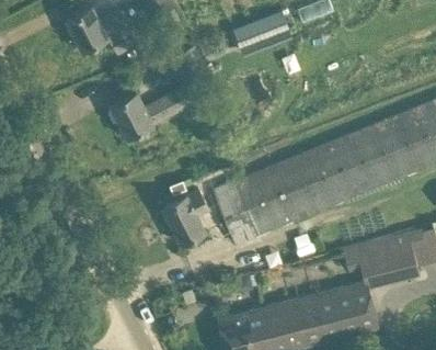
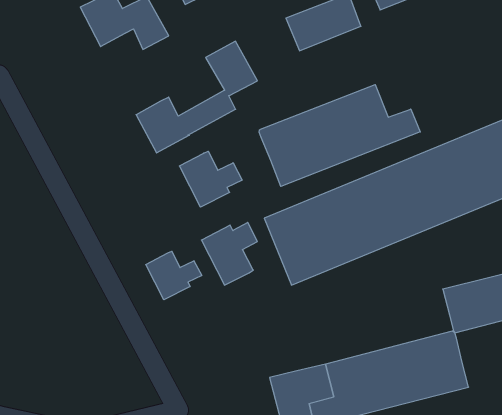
building: none -> [259,85,420,186]
building: none -> [179,151,242,207]
building: none -> [146,251,202,300]

